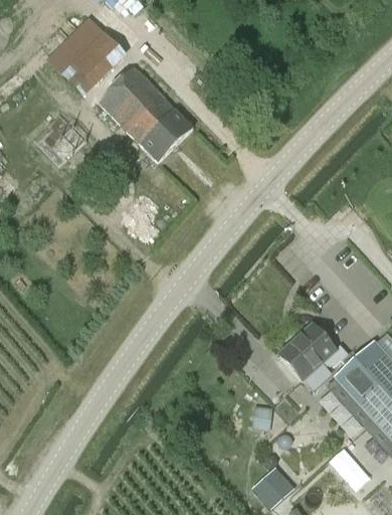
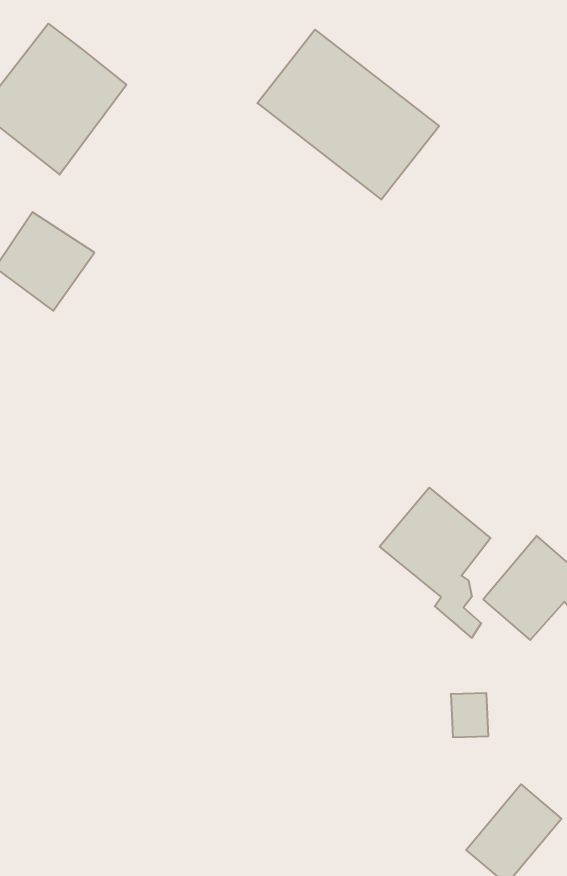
building: [99,66,194,162] -> [257,30,439,199]
building: none -> [380,488,491,638]

